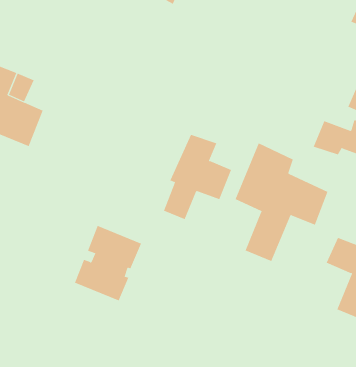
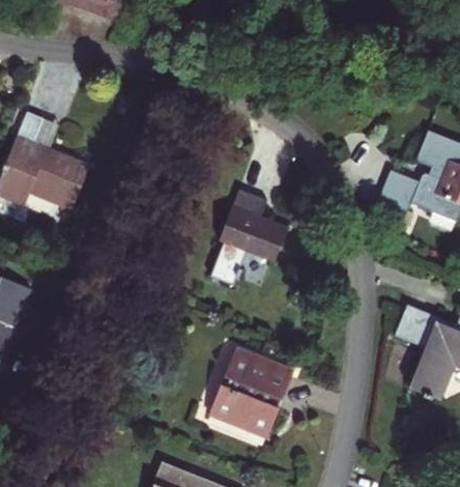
building: [235,143,328,262] -> none
building: [74,225,142,301] -> [217,350,293,436]

